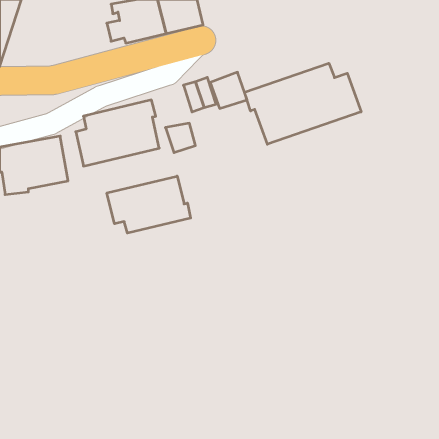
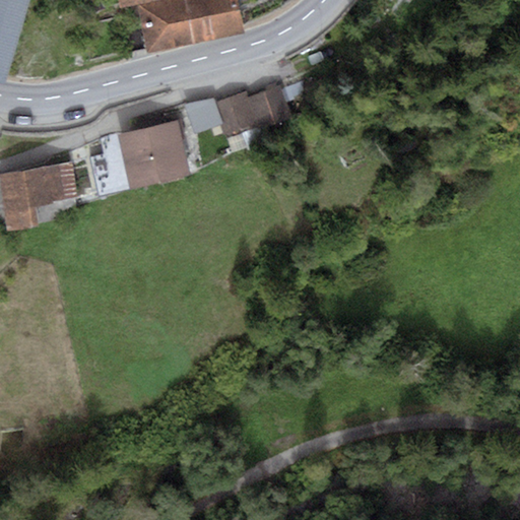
building: [245,63,361,144] -> none
building: [165,123,195,153] -> [183,98,218,132]
building: [107,176,191,233] -> none

